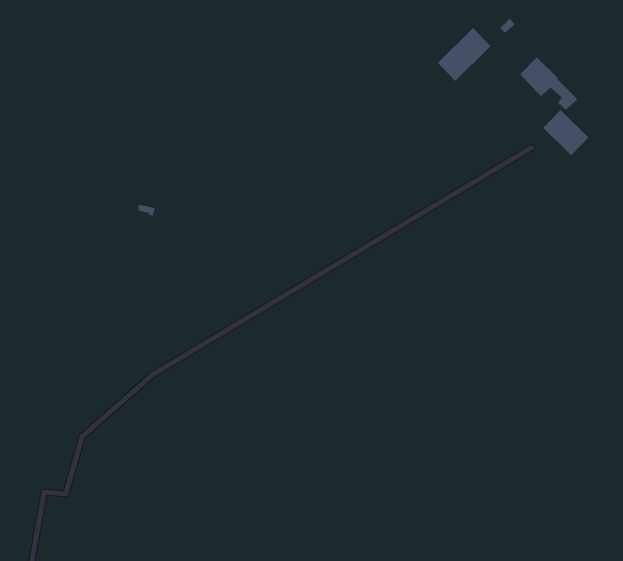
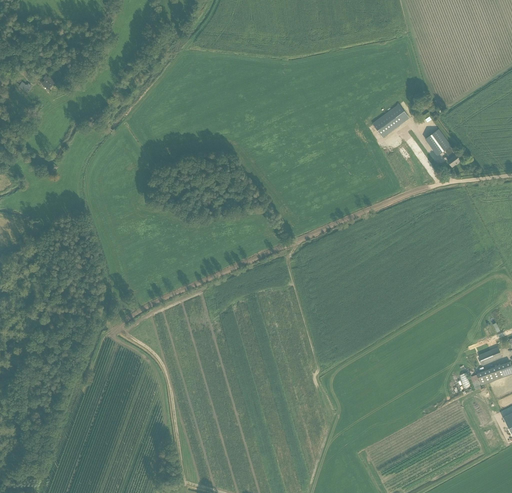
building: [542,109,589,156] -> none

